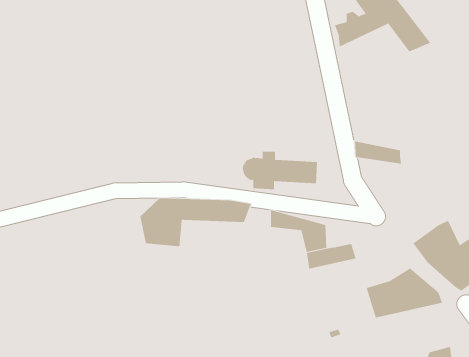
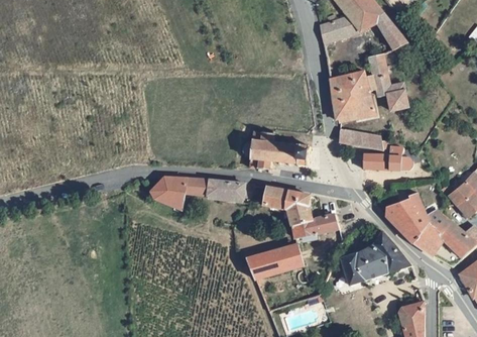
building: none -> [327,52,407,121]
building: none -> [367,149,411,168]
building: none -> [252,240,304,280]

